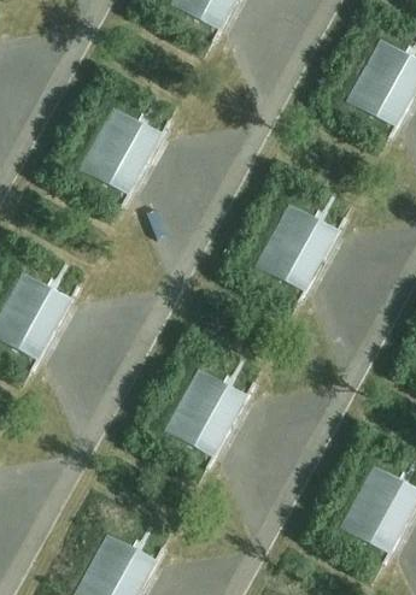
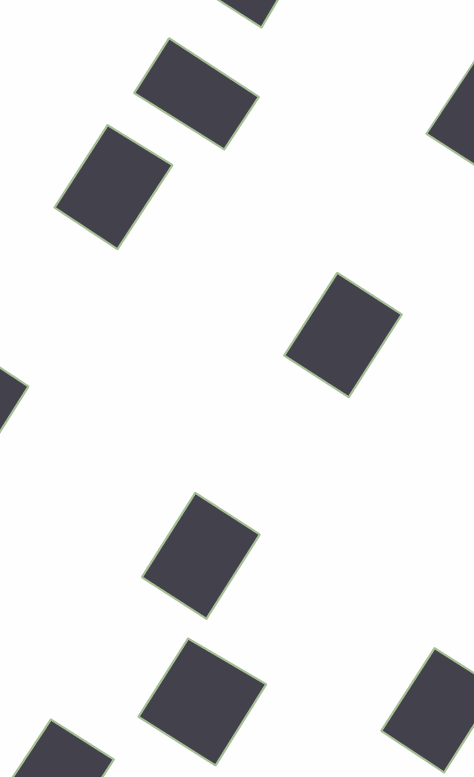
building: none -> [134,38,259,150]
building: none -> [139,638,266,765]

